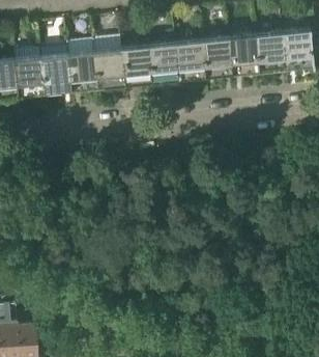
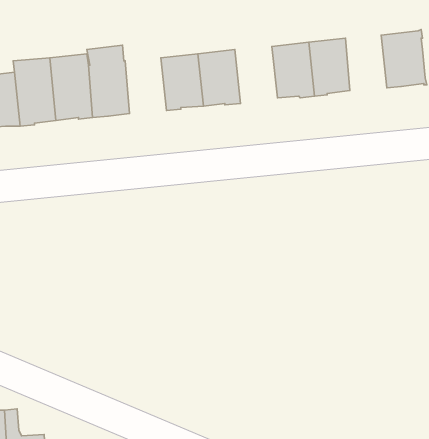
building: [255,31,285,72] -> none
building: [174,39,205,81] -> none
building: [94,48,124,88] -> none

